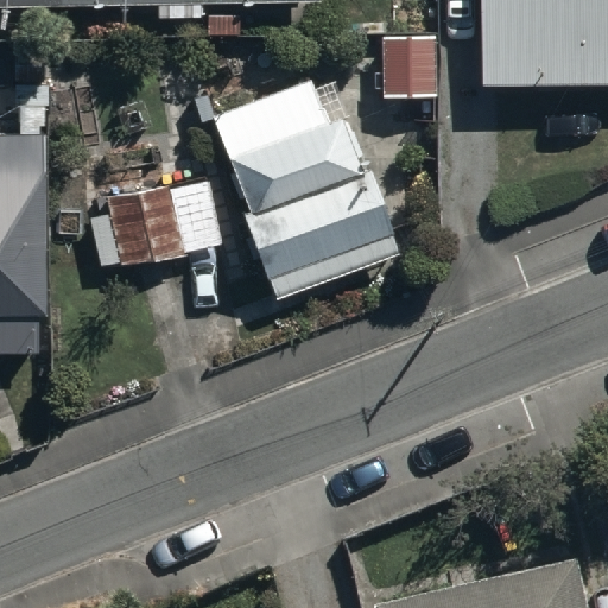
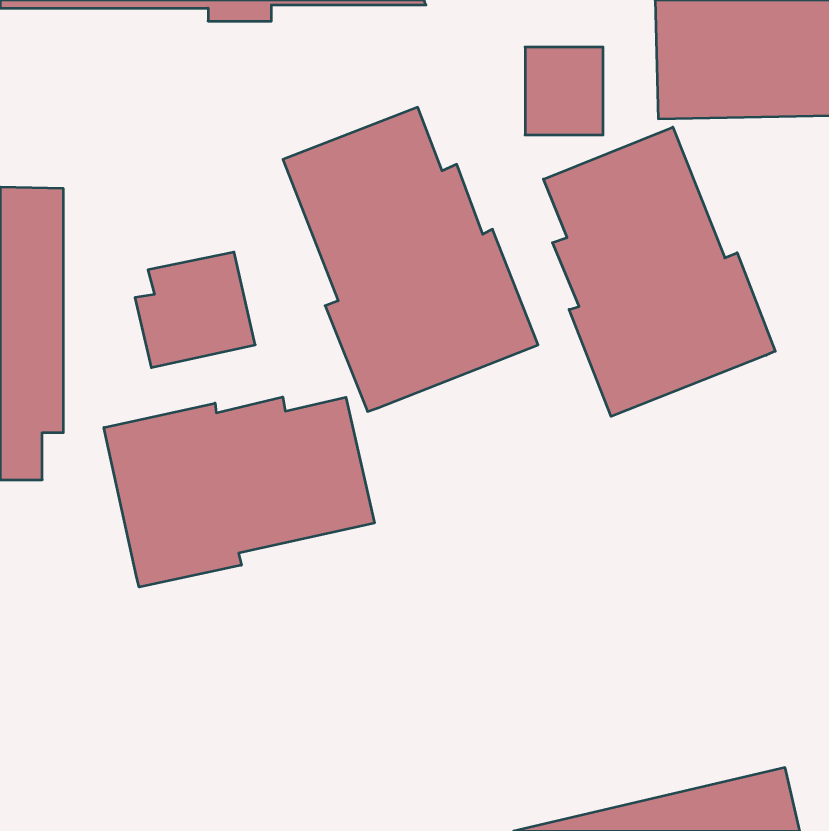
building: none -> [543,127,775,416]
building: none -> [104,397,374,587]

